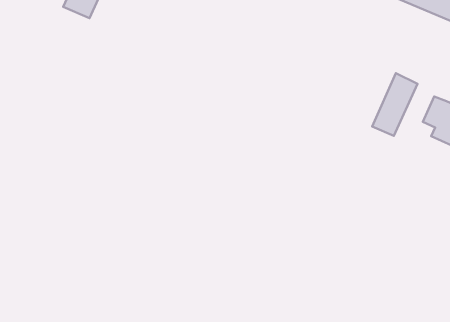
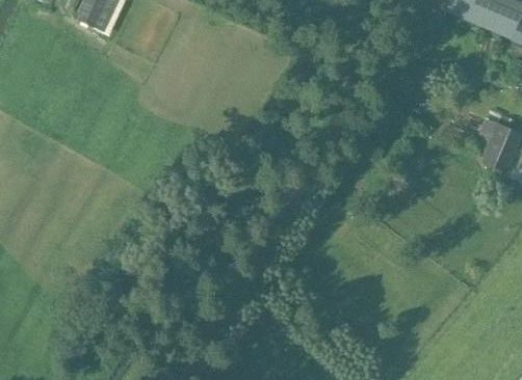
building: [372,73,417,136] -> none

